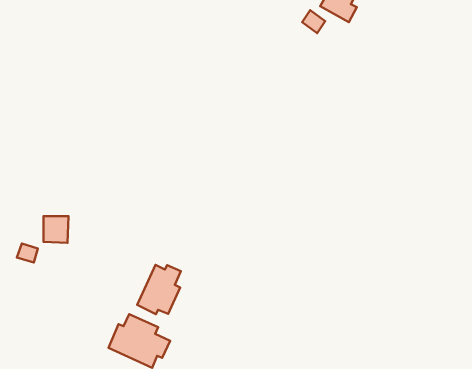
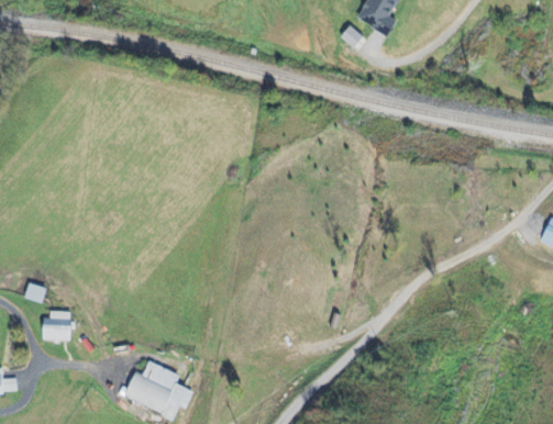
building: [44,216,68,243] -> [44,311,71,341]
building: [137,265,181,314] -> none

